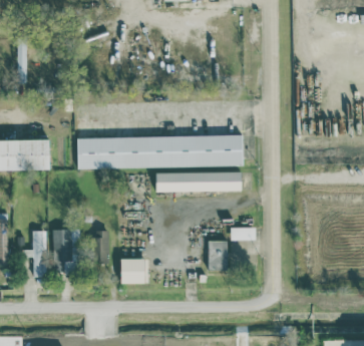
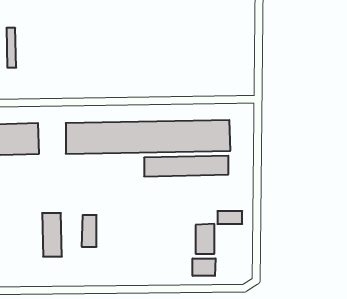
building: [23,231,46,277] -> none
building: [120,259,144,285] -> none
building: none -> [193,258,216,276]

